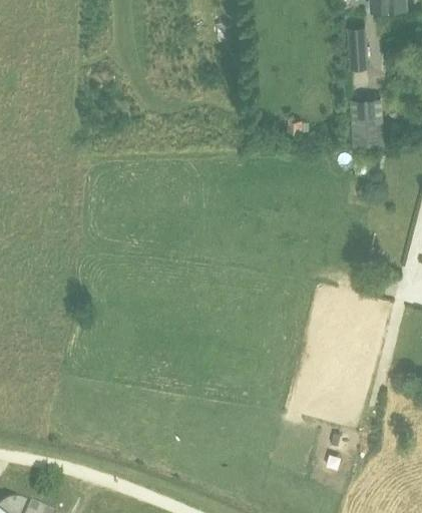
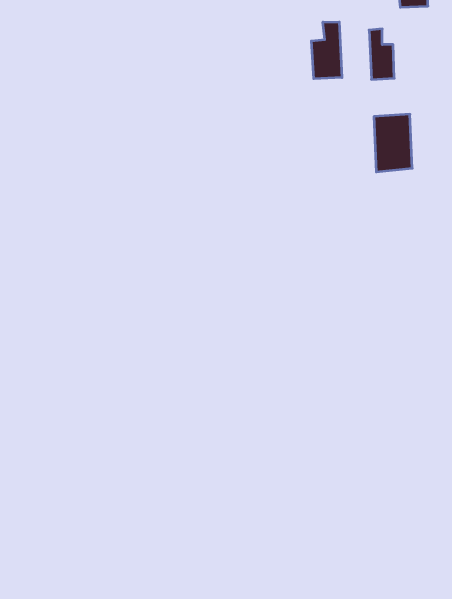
building: none -> [311,22,342,79]

